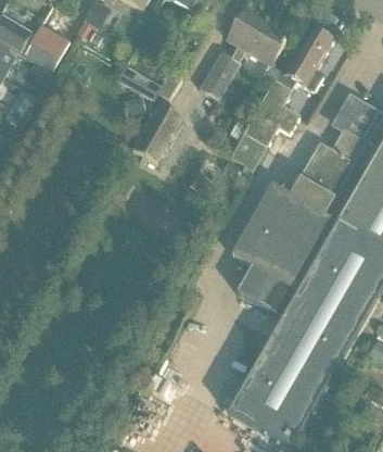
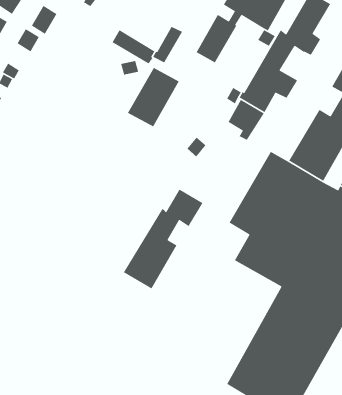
building: none -> [123,189,203,289]

